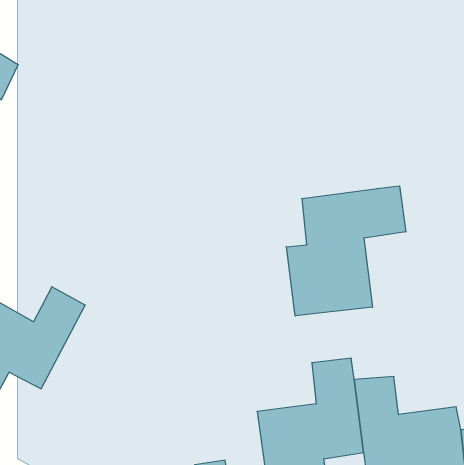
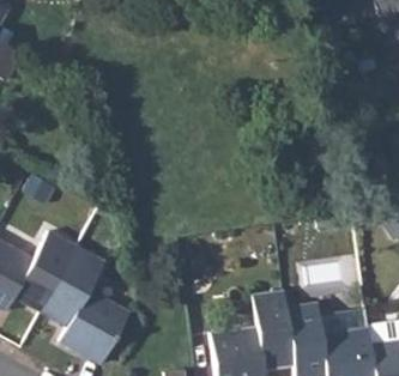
building: [286,186,406,316] -> none
building: none -> [40,245,131,363]

